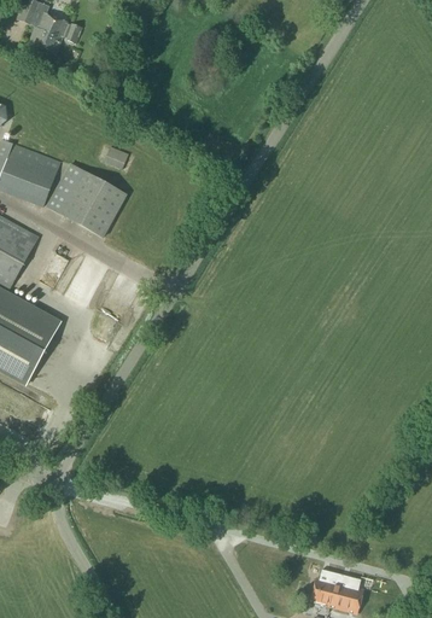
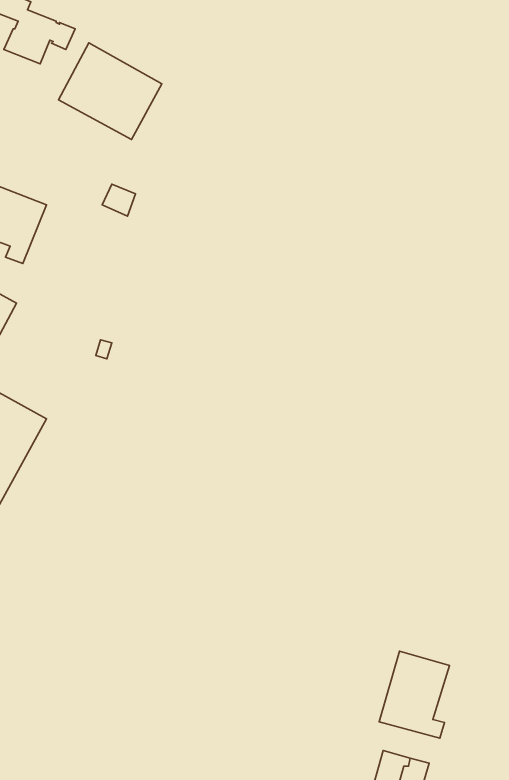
building: [47,162,125,235] -> [59,43,162,139]
building: none -> [379,651,450,738]

